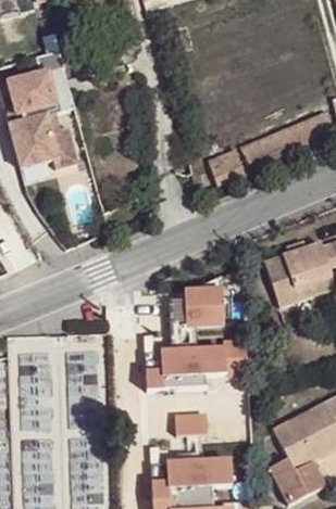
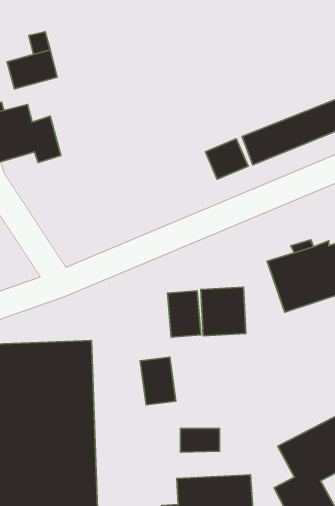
building: [176,342,244,384] -> none

